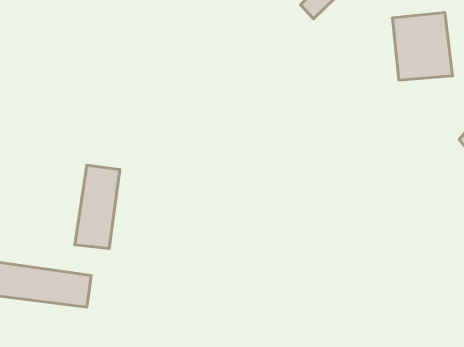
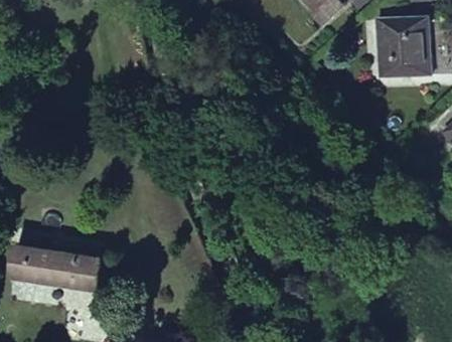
building: [75,165,120,249] -> none

